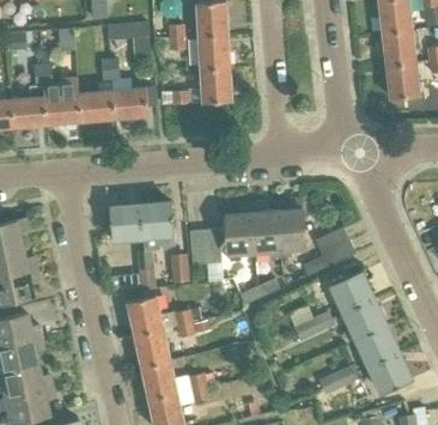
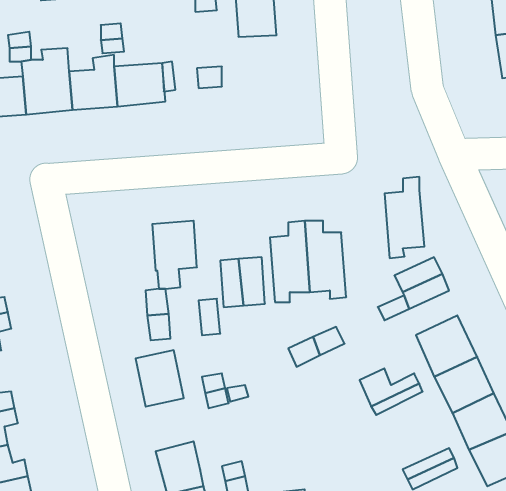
building: [202,67,232,103] -> none
building: [276,198,305,256] -> [385,177,424,258]
building: [110,204,142,239] -> none
building: [135,329,170,368] -> none

